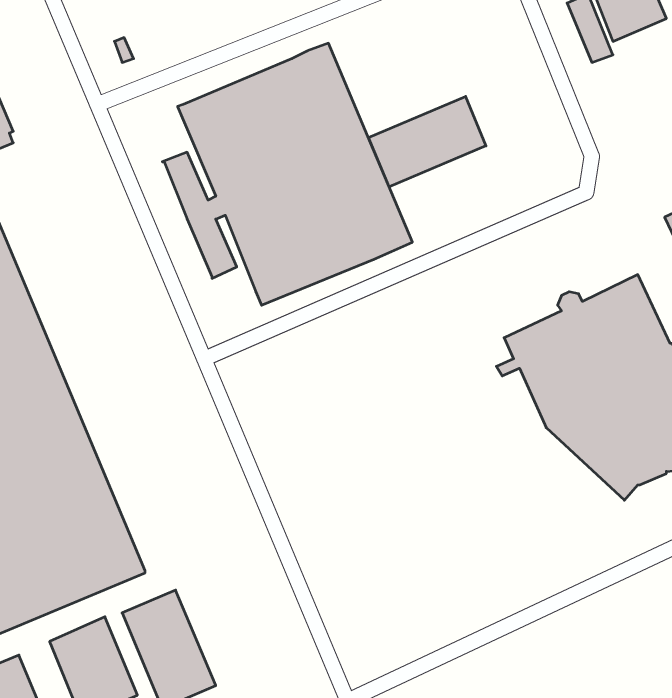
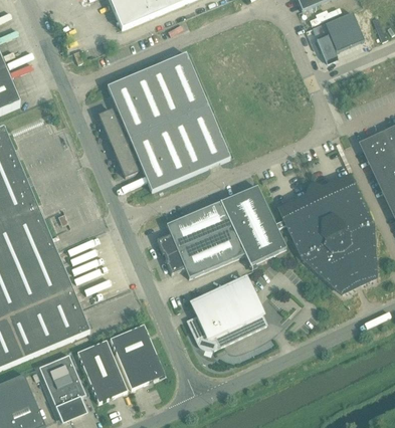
building: [369,96,486,187] -> none
building: none -> [157,185,286,277]
building: none -> [187,276,266,348]
building: none -> [110,324,165,388]

